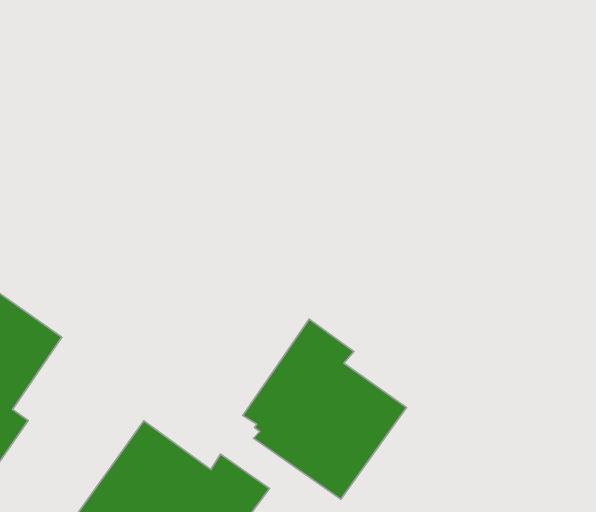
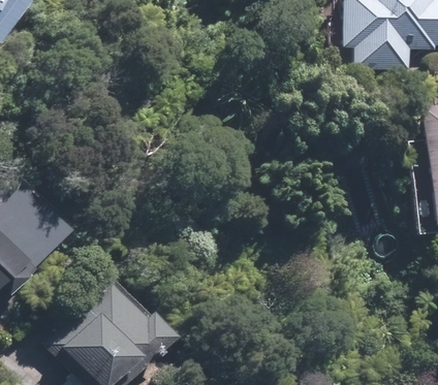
building: [243,319,406,499] -> none

